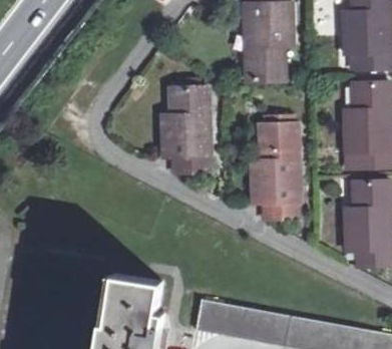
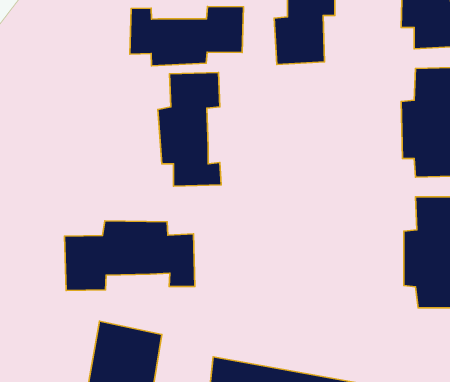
building: none -> [130,7,243,66]
building: [252,123,298,216] -> none
building: none -> [65,221,195,291]

